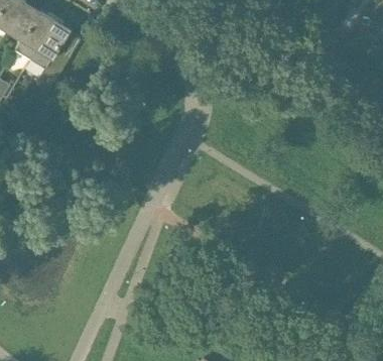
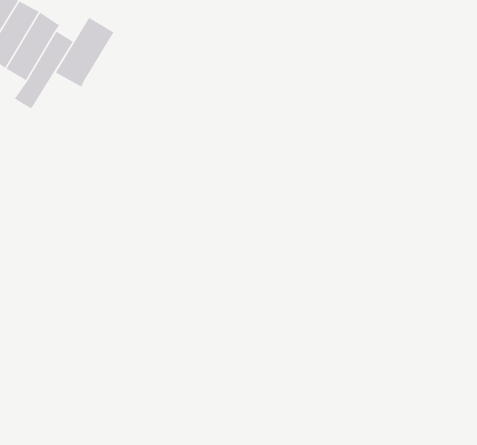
building: none -> [55,17,115,88]

